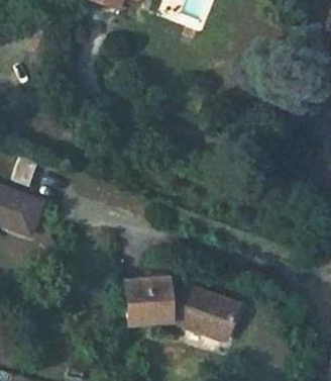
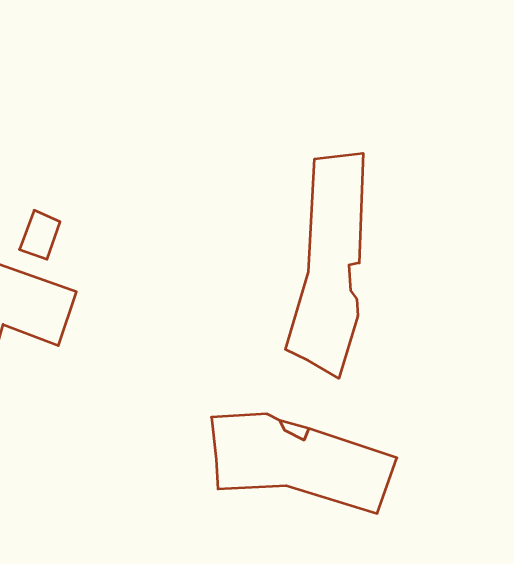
building: none -> [285,153,363,378]

